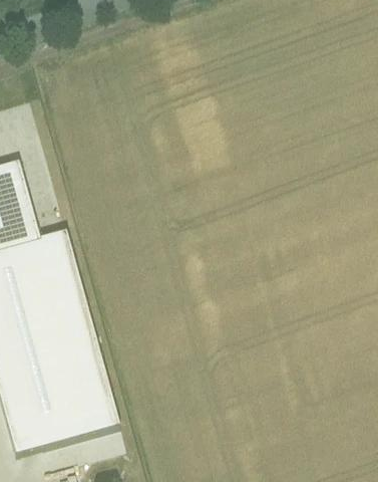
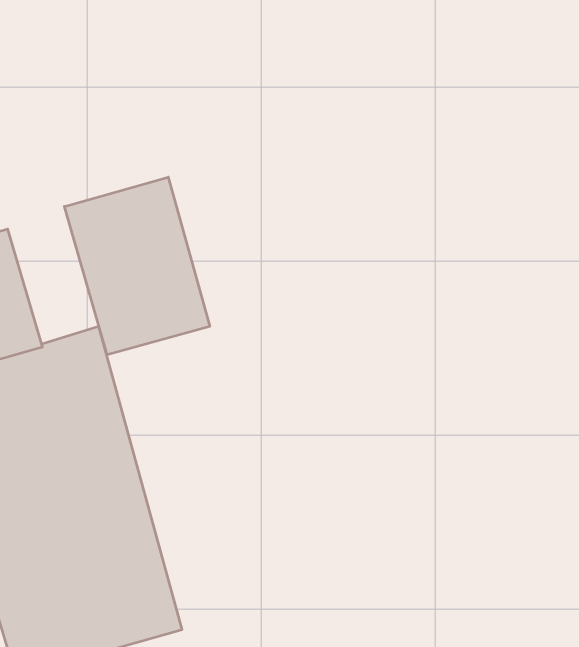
building: none -> [64,177,210,355]

